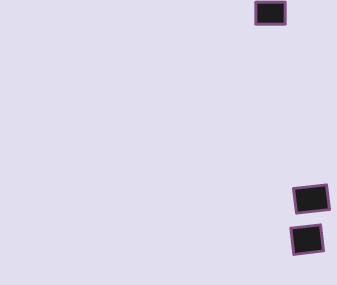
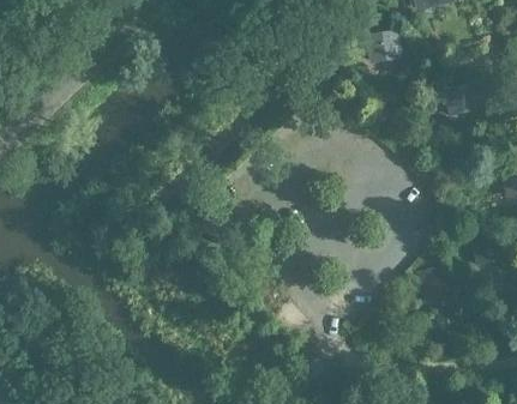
building: [291,225,324,254] -> none

